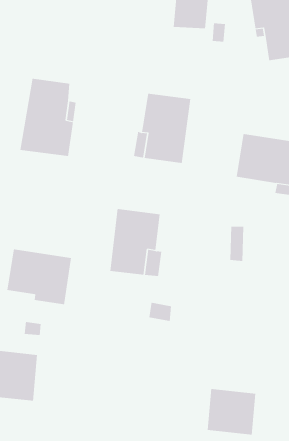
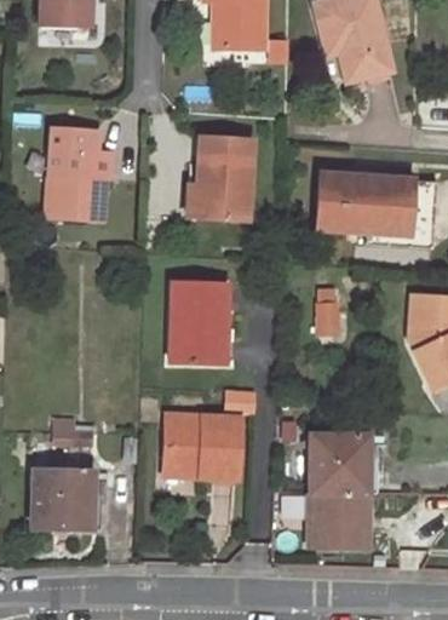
building: [6,249,72,305] -> [162,412,240,476]
building: none -> [309,436,366,495]

